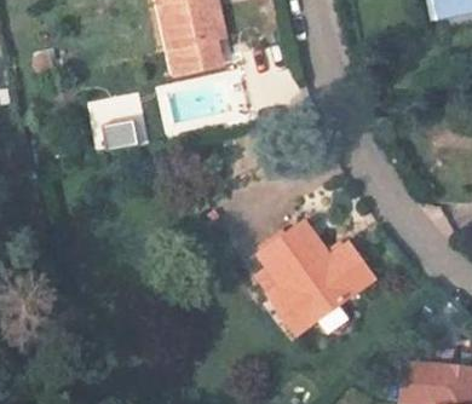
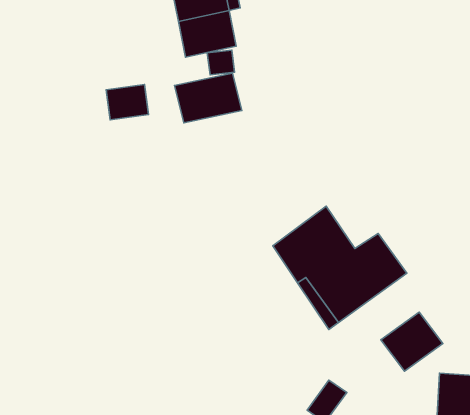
building: none -> [175,73,242,123]
building: none -> [381,312,443,371]

